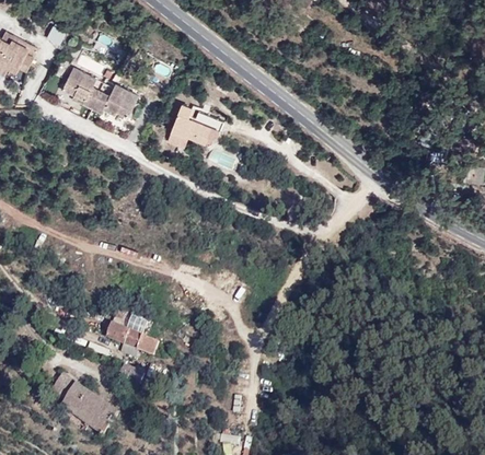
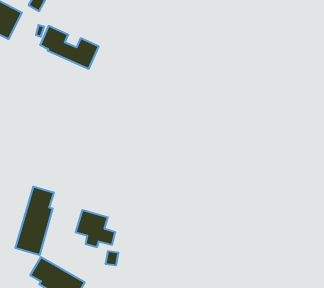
building: [164,103,222,150] -> none
building: none -> [15,187,54,255]

